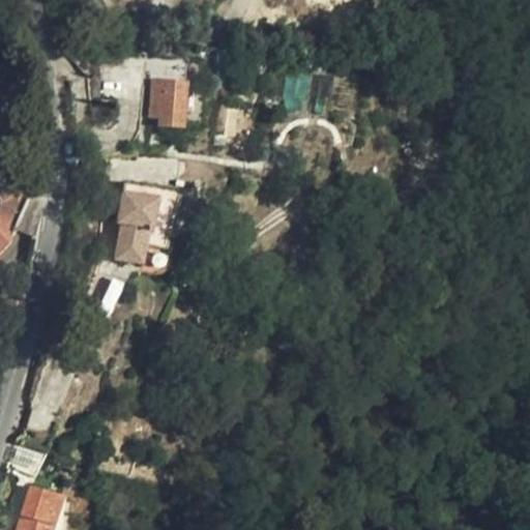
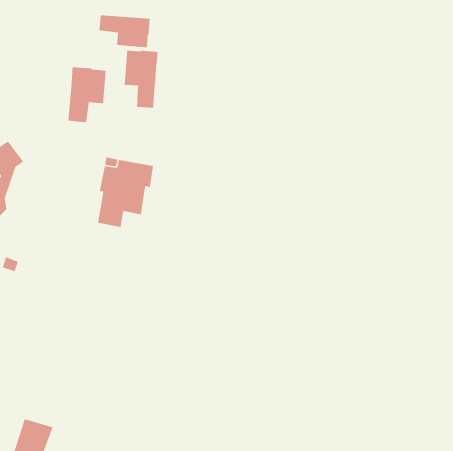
building: none -> [98,14,150,48]
building: none -> [68,67,107,123]

